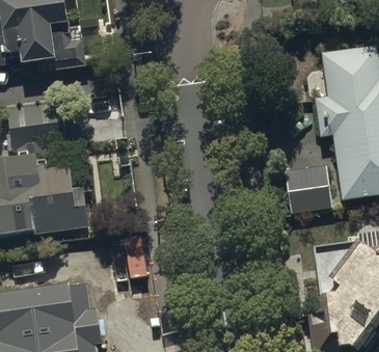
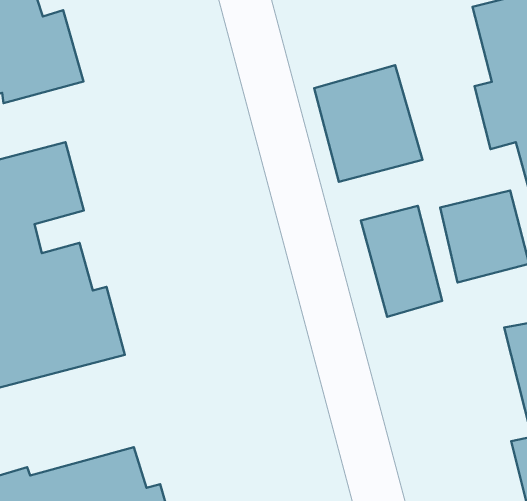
building: none -> [314,65,423,182]
building: none -> [361,206,442,317]

